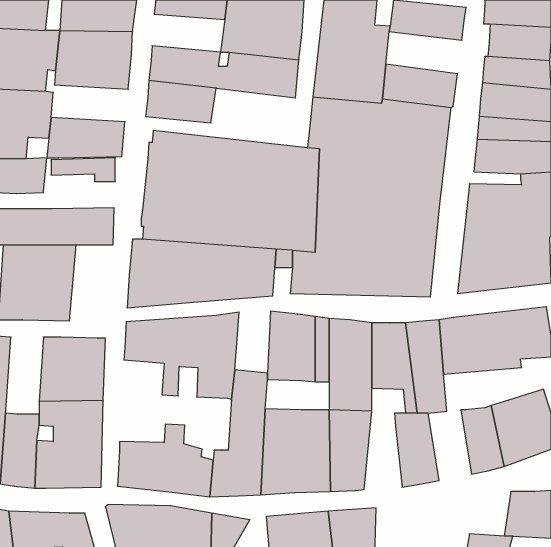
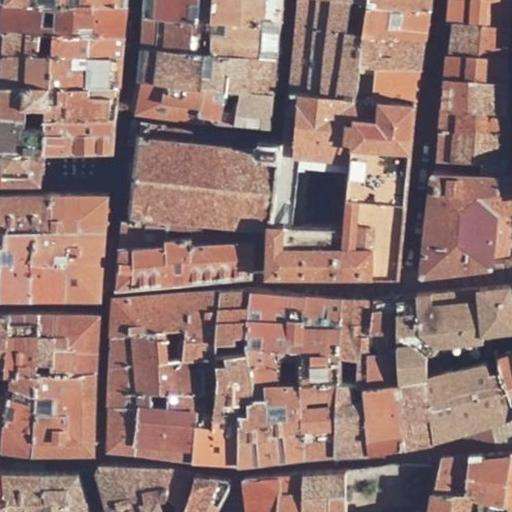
building: none -> [140,21,207,56]
building: none -> [355,37,425,76]
building: none -> [47,86,118,120]
building: none -> [194,89,272,129]
building: none -> [64,233,104,303]
building: none -> [216,294,249,351]
building: none -> [6,318,40,389]
building: none -> [110,339,209,431]
building: none -> [244,357,278,385]
building: none -> [394,385,434,450]
building: none -> [335,386,370,458]
building: none -> [432,460,470,501]

